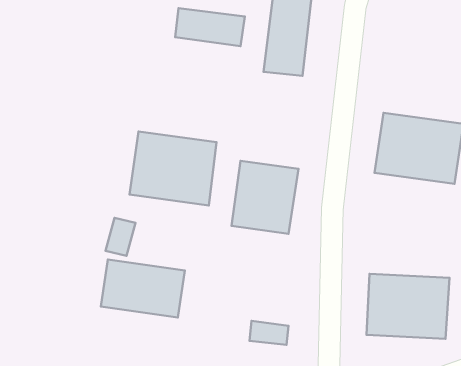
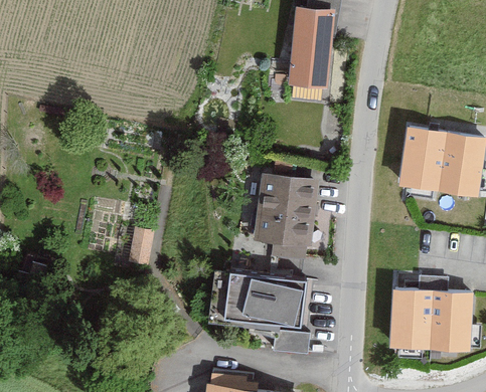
building: [175,8,245,46] -> none
building: [130,131,217,206] -> none
building: [101,259,185,317] -> [221,269,306,328]

